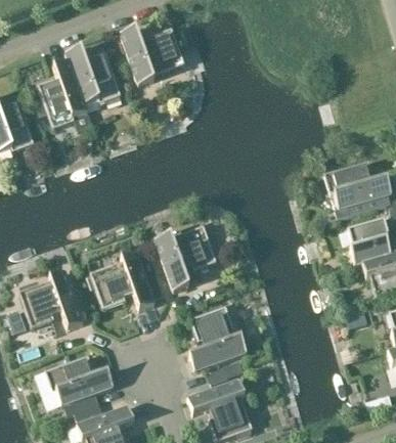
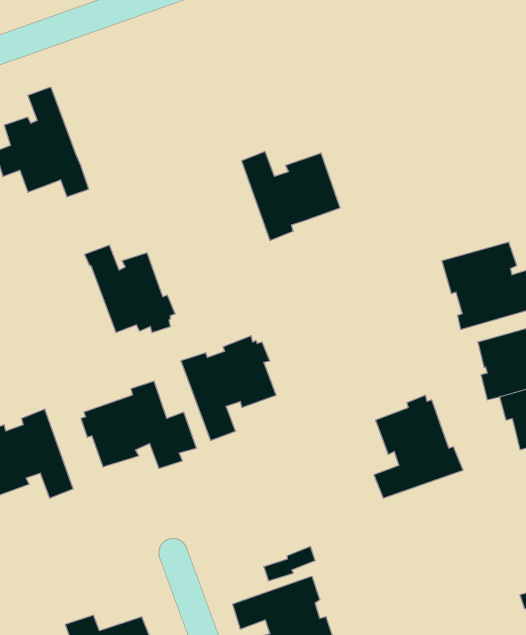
building: [120,27,184,85] -> [242,152,340,240]
building: [64,46,124,103] -> [85,245,175,333]
building: [188,303,247,370] -> [374,395,463,498]
building: [44,355,114,413] -> none

